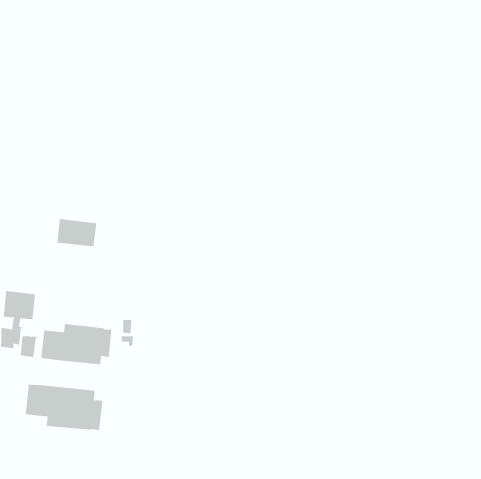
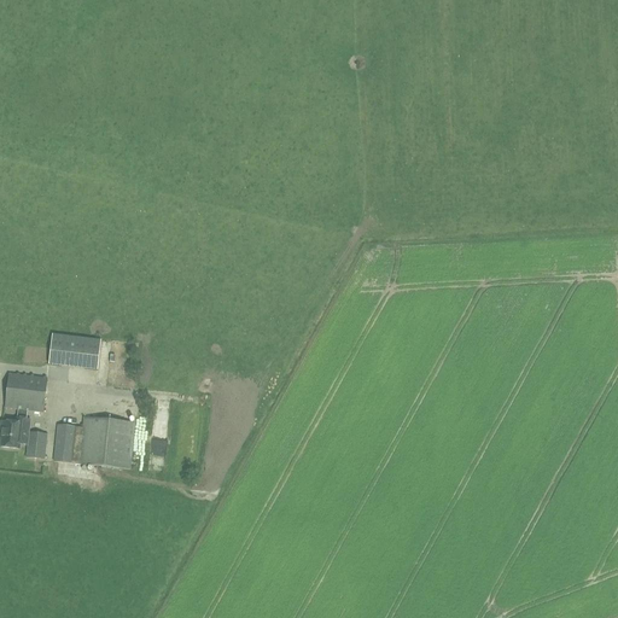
building: [56,218,97,247] -> [48,332,100,368]
building: [25,384,103,431] -> none

